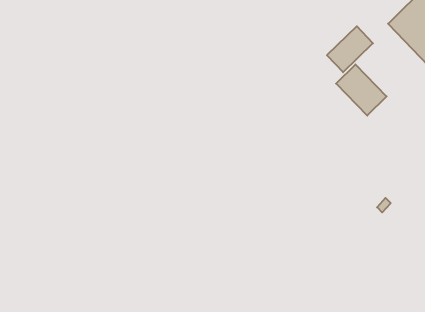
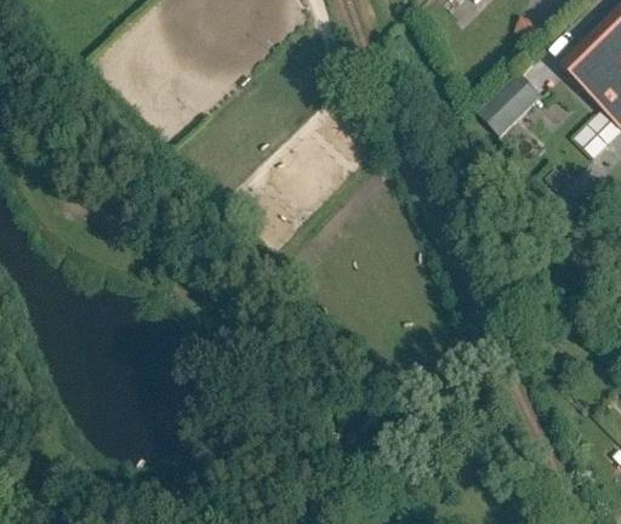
building: [336,64,387,116] -> none

